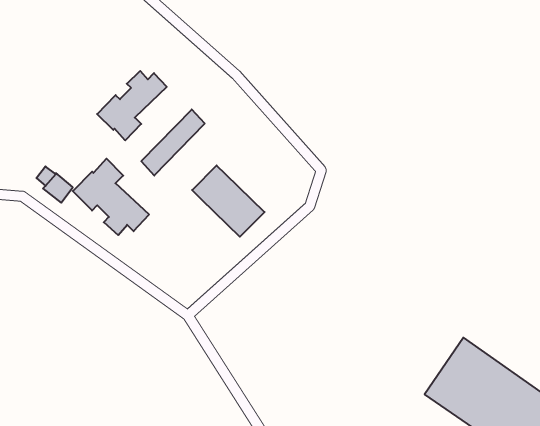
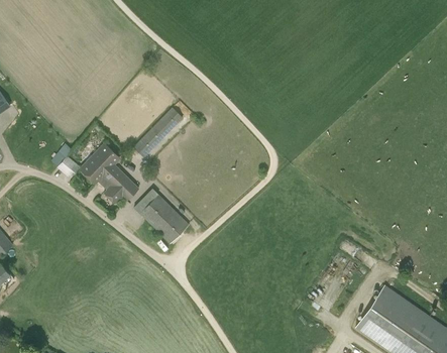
building: [97,71,167,140] -> none
building: [192,165,265,237] -> [133,188,190,243]

